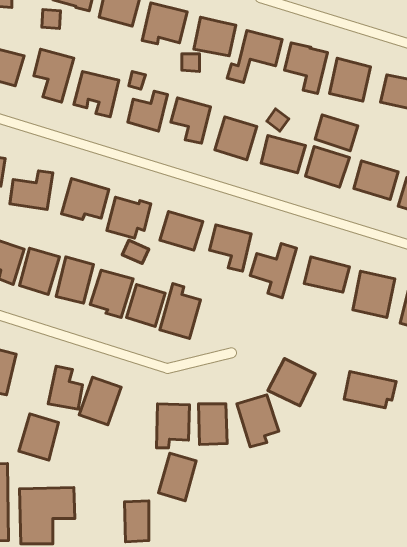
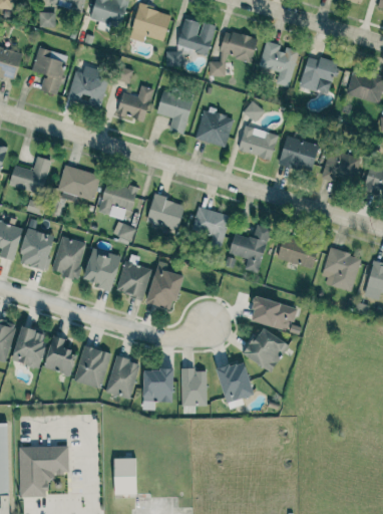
building: [315,115,358,151] -> none
building: [344,371,396,408] -> [251,297,298,330]
building: [19,414,59,460] -> [12,326,48,368]
building: [159,453,196,501] -> [106,356,140,400]

